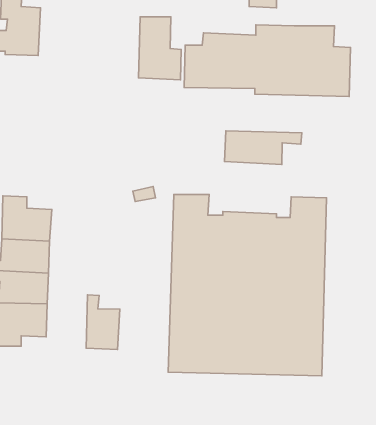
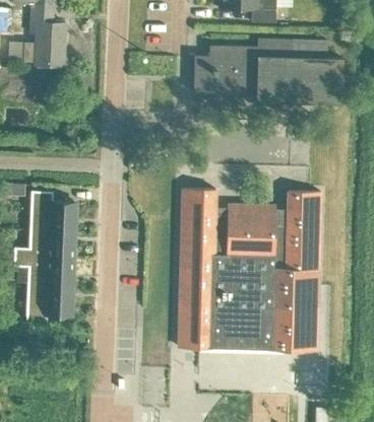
building: [139,17,181,80] -> none
building: [224,131,302,164] -> none
building: [86,295,120,349] -> none

